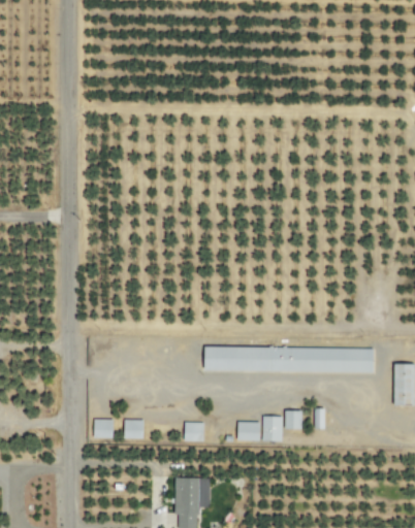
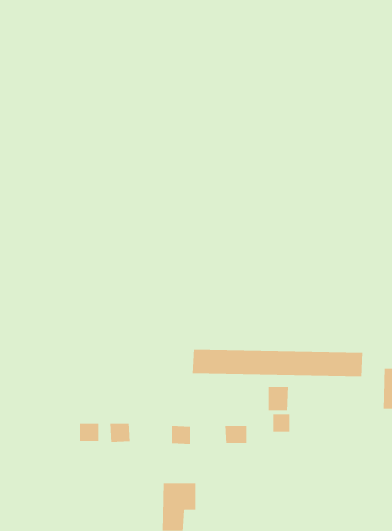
building: [262,416,283,440] -> [268,386,289,411]

